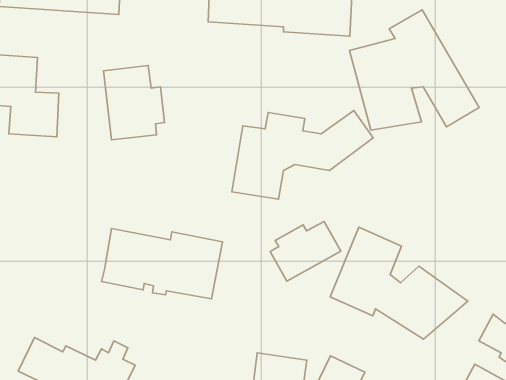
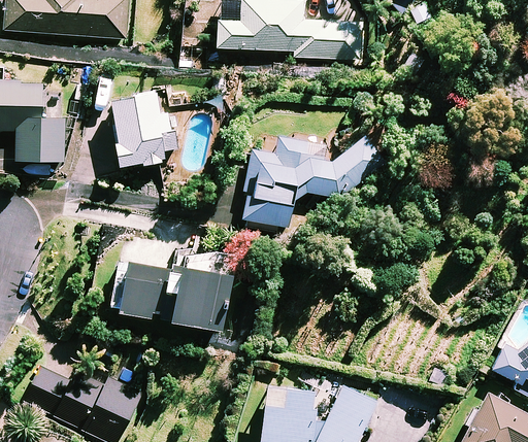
building: [350,10,479,130] -> none
building: [270,221,341,281] -> none
building: [330,227,468,339] -> none

